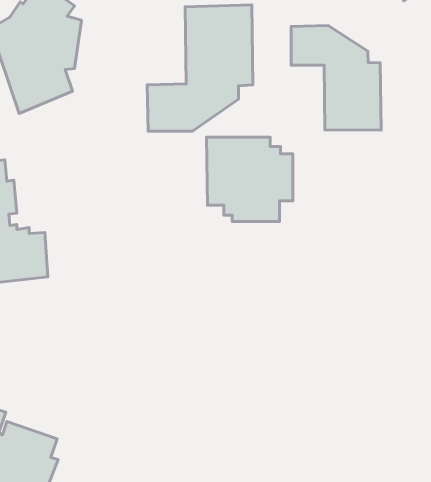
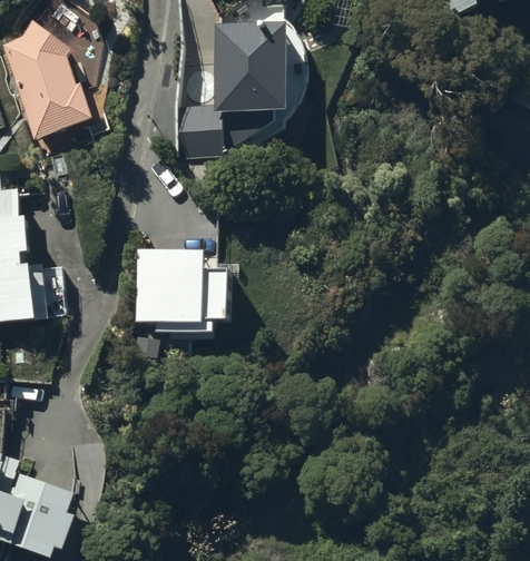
building: [291,25,381,130] -> none
building: [207,137,293,221] -> [135,248,228,339]

